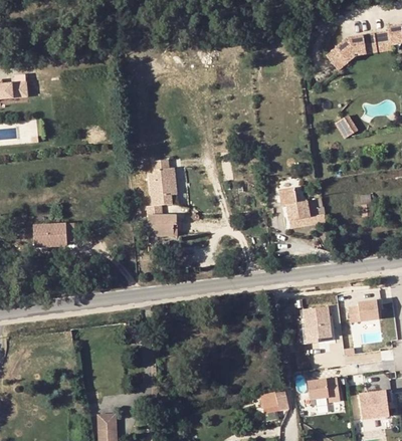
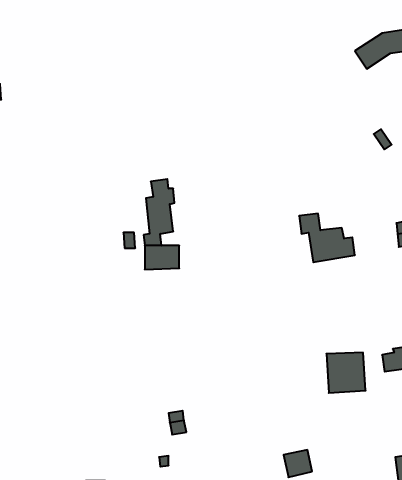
building: [33,223,75,246] -> none
building: [309,378,341,402] -> none

